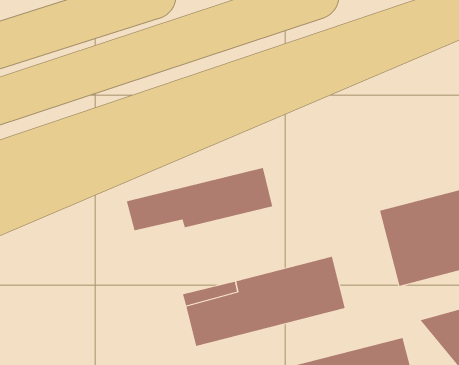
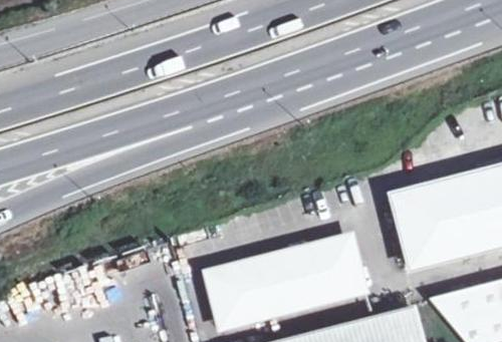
building: [126,167,273,231] -> none

